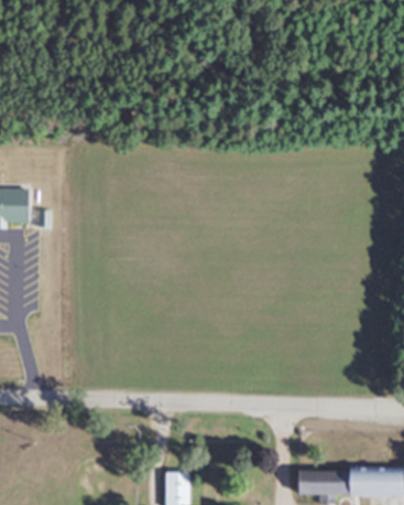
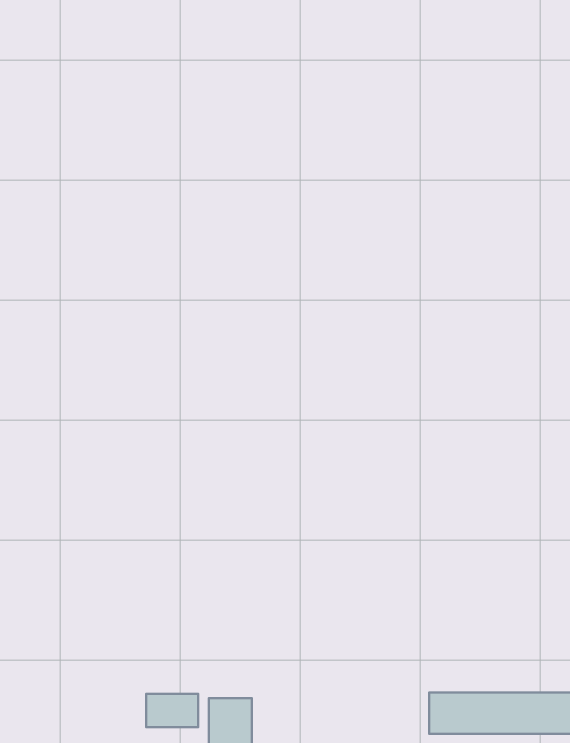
building: none -> [146,694,198,727]

